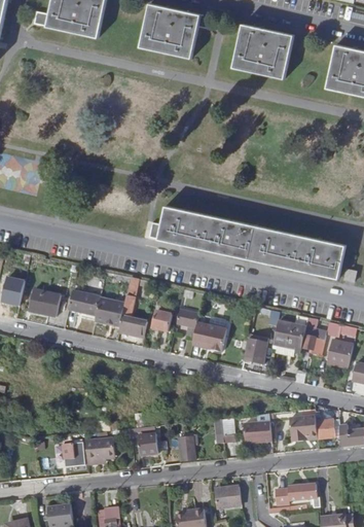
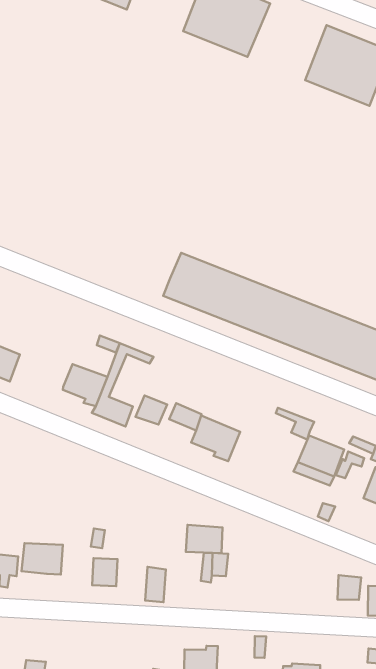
building: [68,289,100,315] -> none
building: [240,337,264,364] -> none
building: [289,419,317,437] -> none
building: [243,421,270,443] -> [186,525,223,553]

